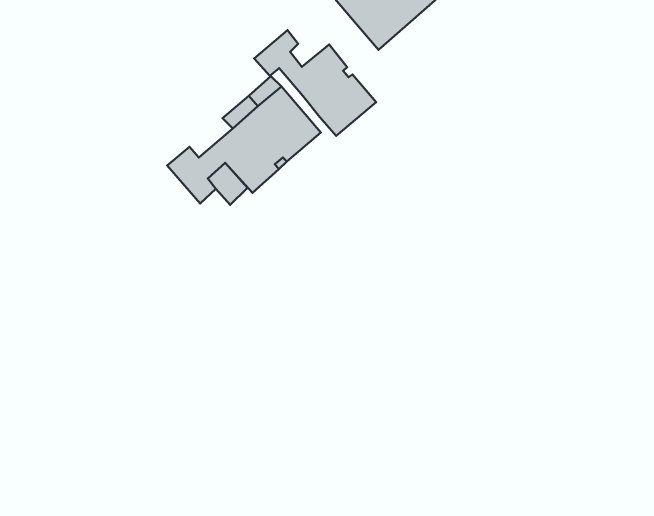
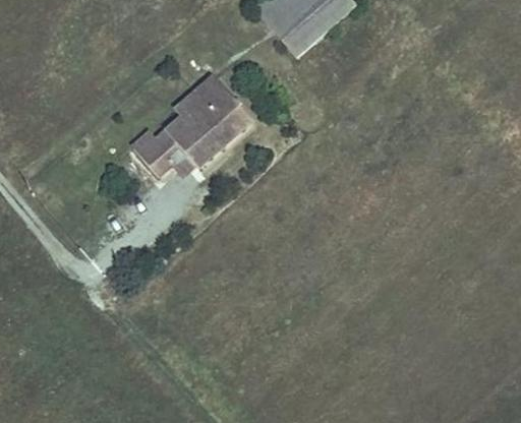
building: [254,30,376,136] -> none

